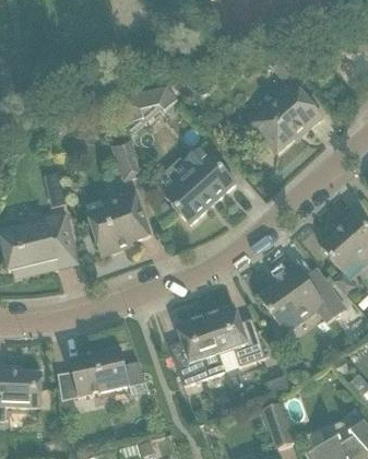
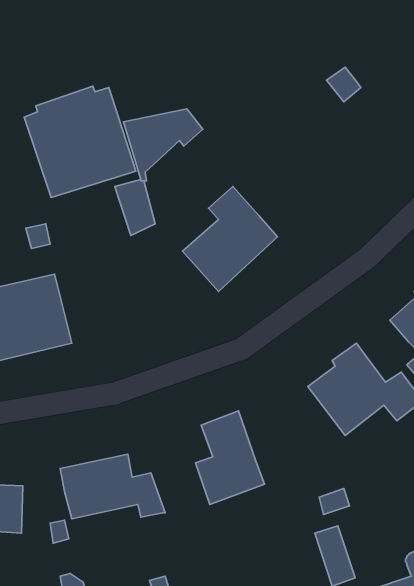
building: none -> [24,86,136,198]
building: [249,81,322,150] -> none
building: [87,190,150,254] -> none
building: [205,304,266,365] -> none

